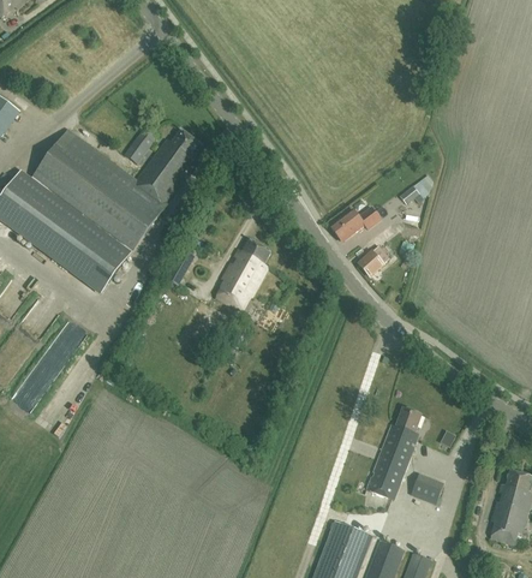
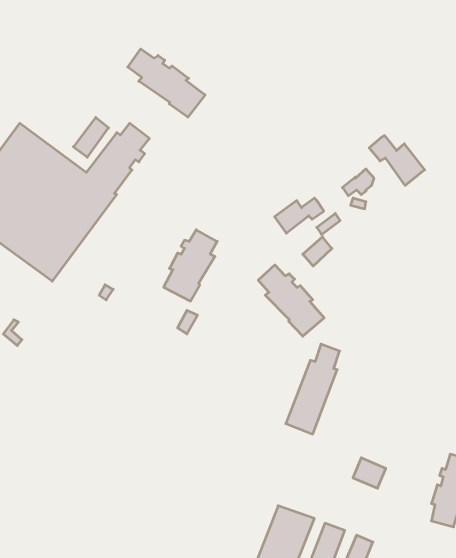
building: none -> [128,49,205,117]
building: none -> [369,136,425,185]
building: none -> [258,265,324,336]
building: [365,407,420,500] -> [286,344,340,434]

